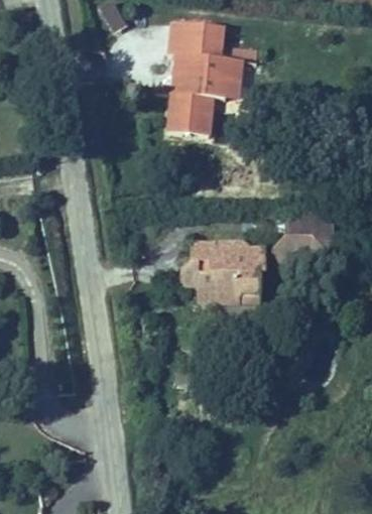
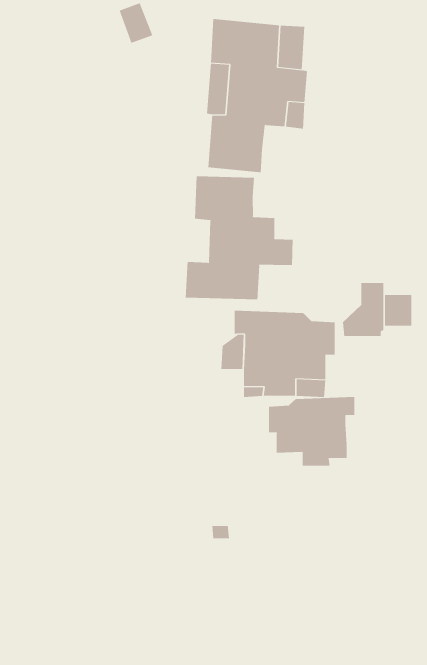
building: none -> [185,175,293,300]
building: none -> [268,396,355,466]

